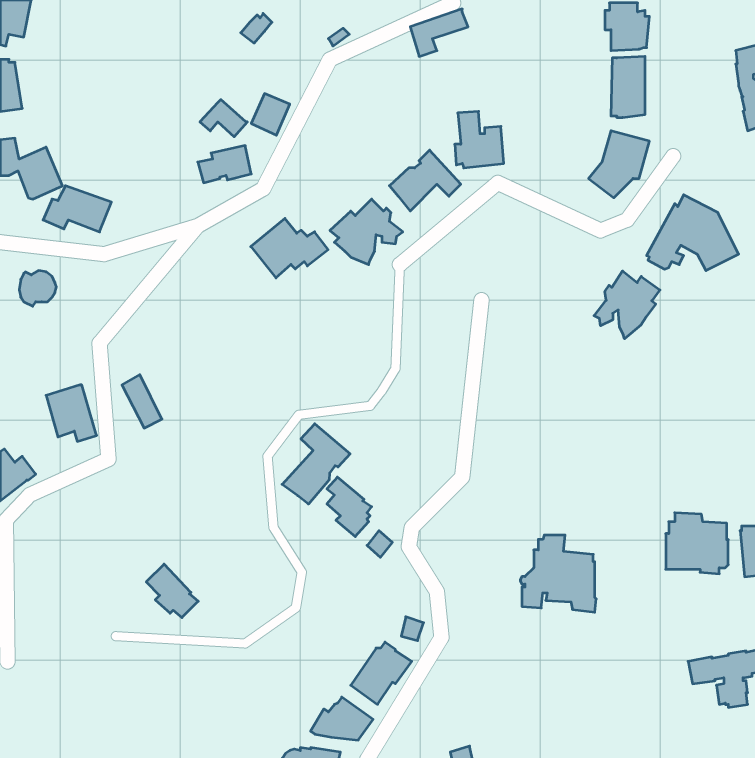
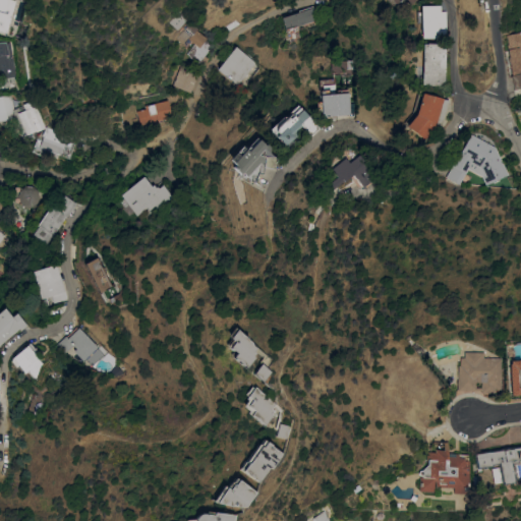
building: none -> [221,47,258,85]
building: [200,100,247,137] -> [176,23,209,49]
building: [251,218,328,278] -> [122,176,175,217]
building: none -> [325,153,370,189]
building: [594,271,660,339] -> none
building: none -> [35,195,78,244]
building: [282,424,350,504] -> none
building: none -> [13,346,44,380]
building: [520,535,596,612] -> [418,443,470,496]
building: none -> [245,387,278,426]
building: [146,564,198,618] -> [69,328,105,364]

